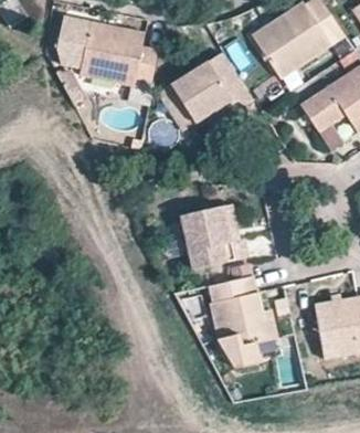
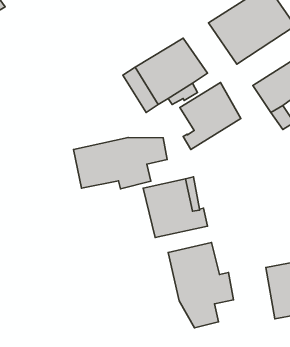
building: [59,17,159,107] -> none
building: none -> [180,82,241,150]
building: none -> [73,138,167,189]

